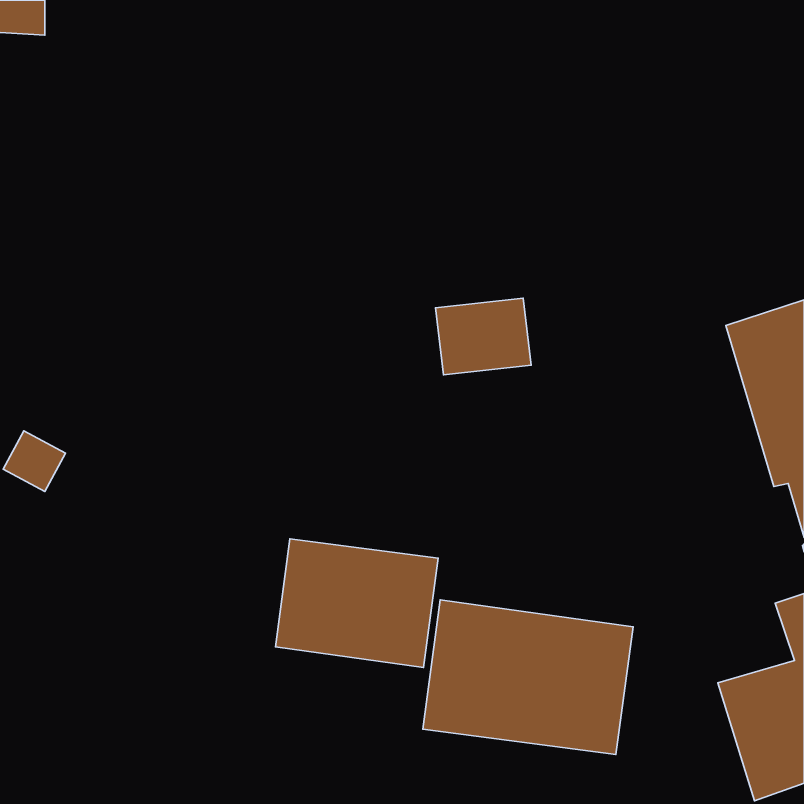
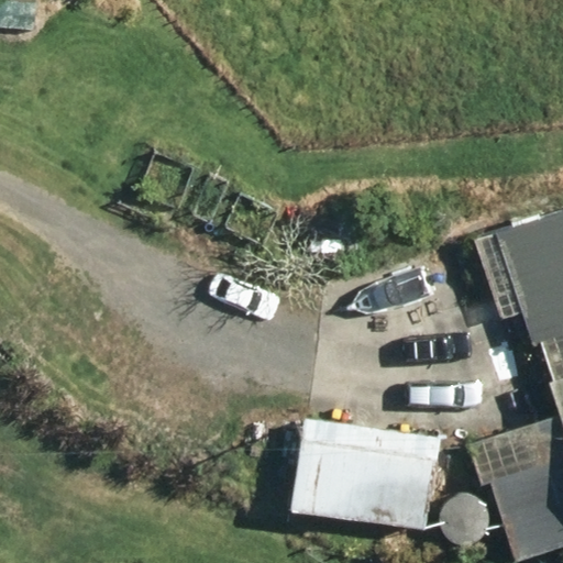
building: [275,539,438,667] -> none

